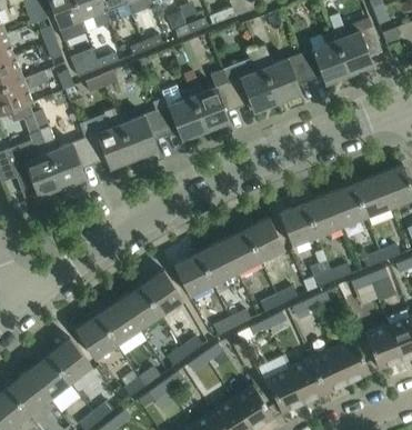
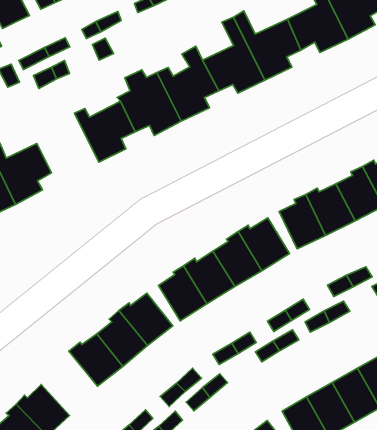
building: [84,109,134,169] -> none
building: [76,313,117,360] -> none

